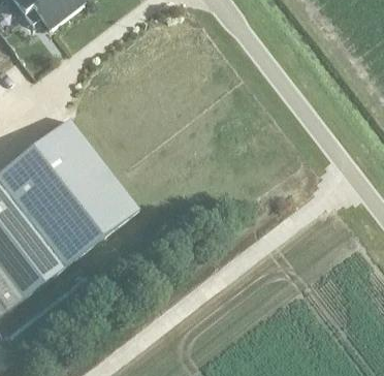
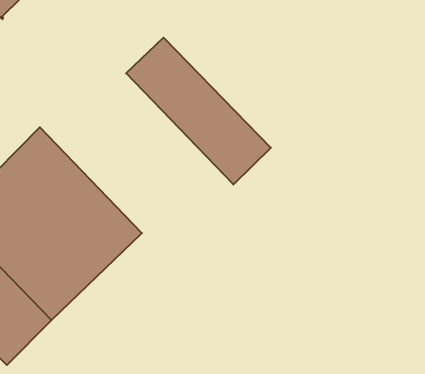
building: none -> [126,38,271,185]

